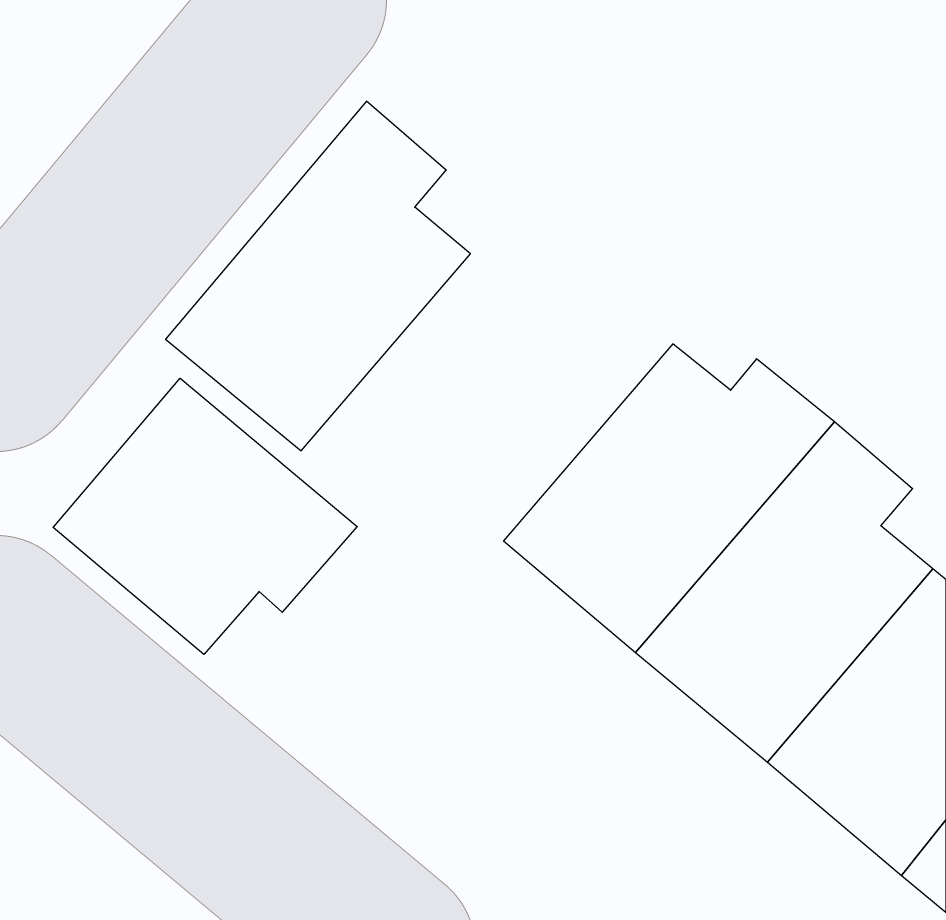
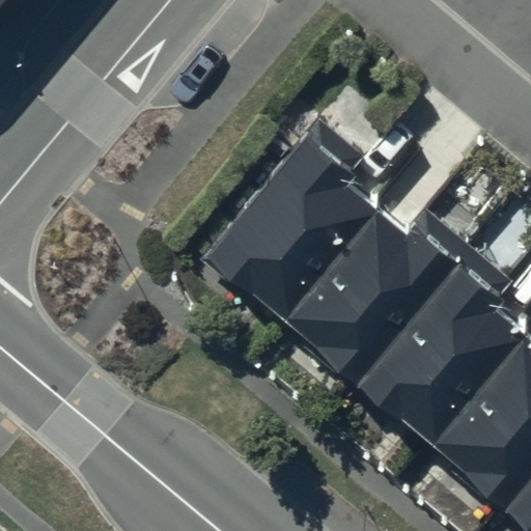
building: [166,101,470,451] -> [205,123,375,318]
building: [53,378,357,654] -> none

